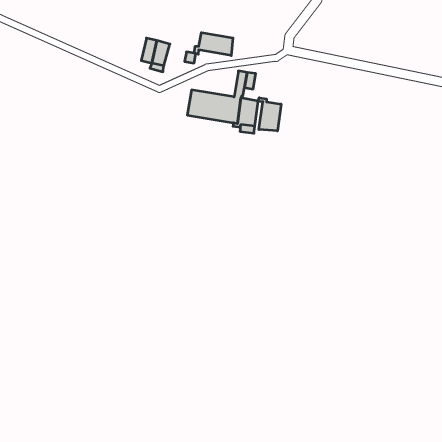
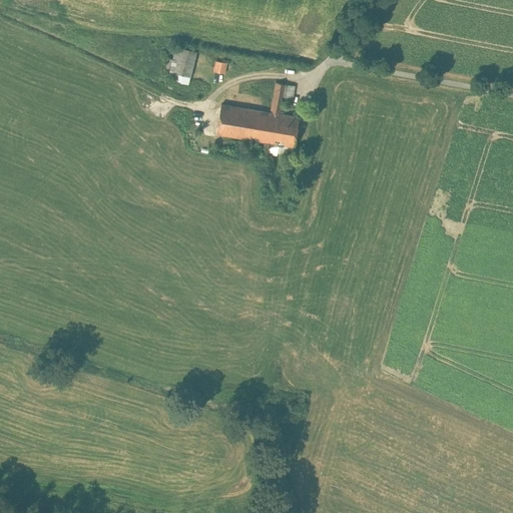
building: [194,33,233,56] -> none
building: [258,98,281,131] -> none

